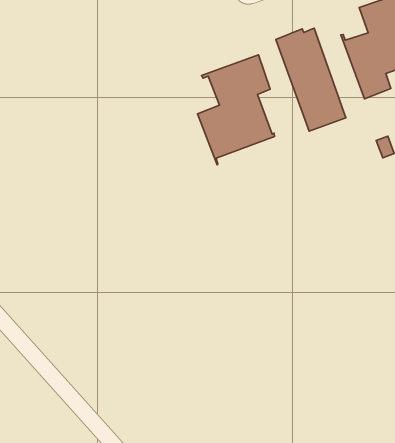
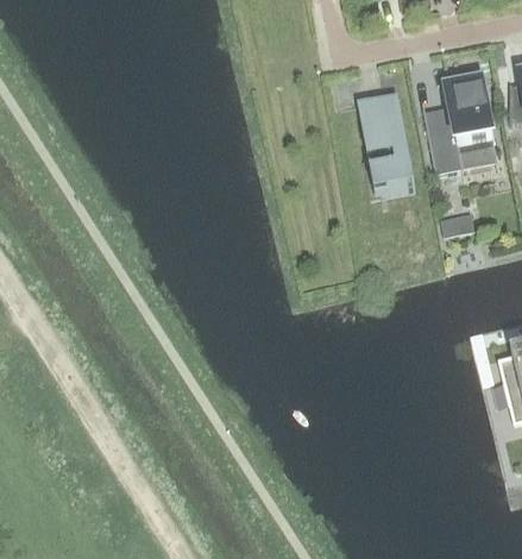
building: [198,55,275,165] -> none

